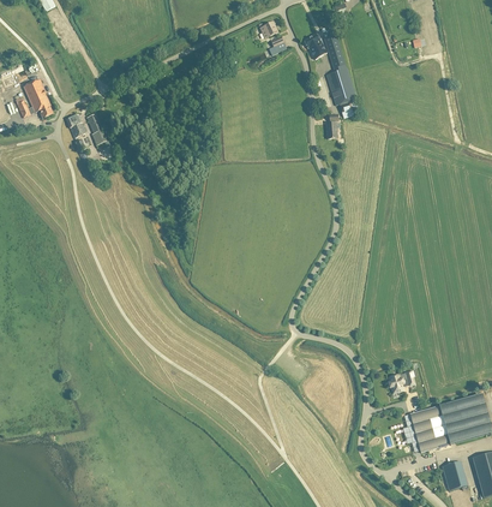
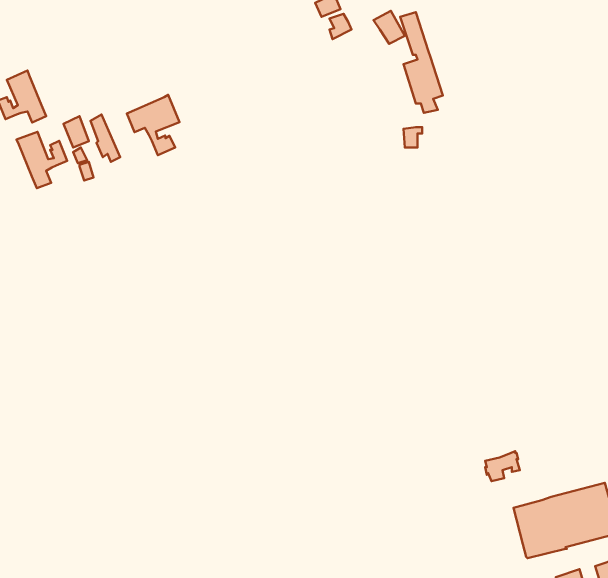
building: none -> [127,95,179,155]
building: none -> [17,132,67,188]

